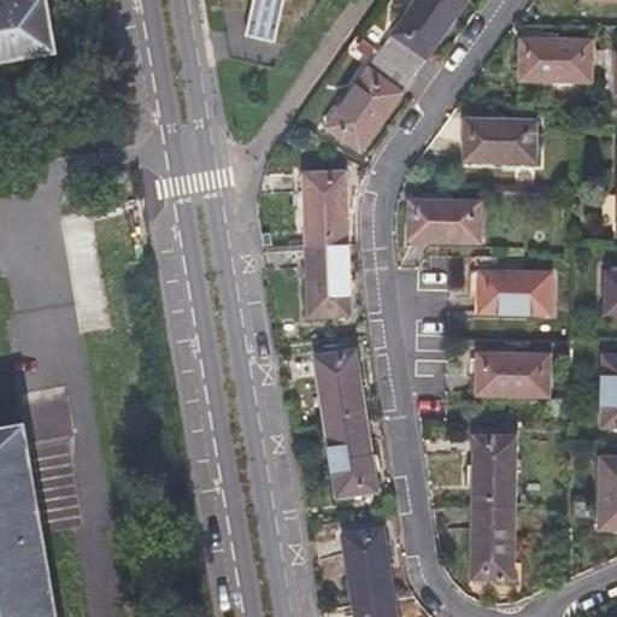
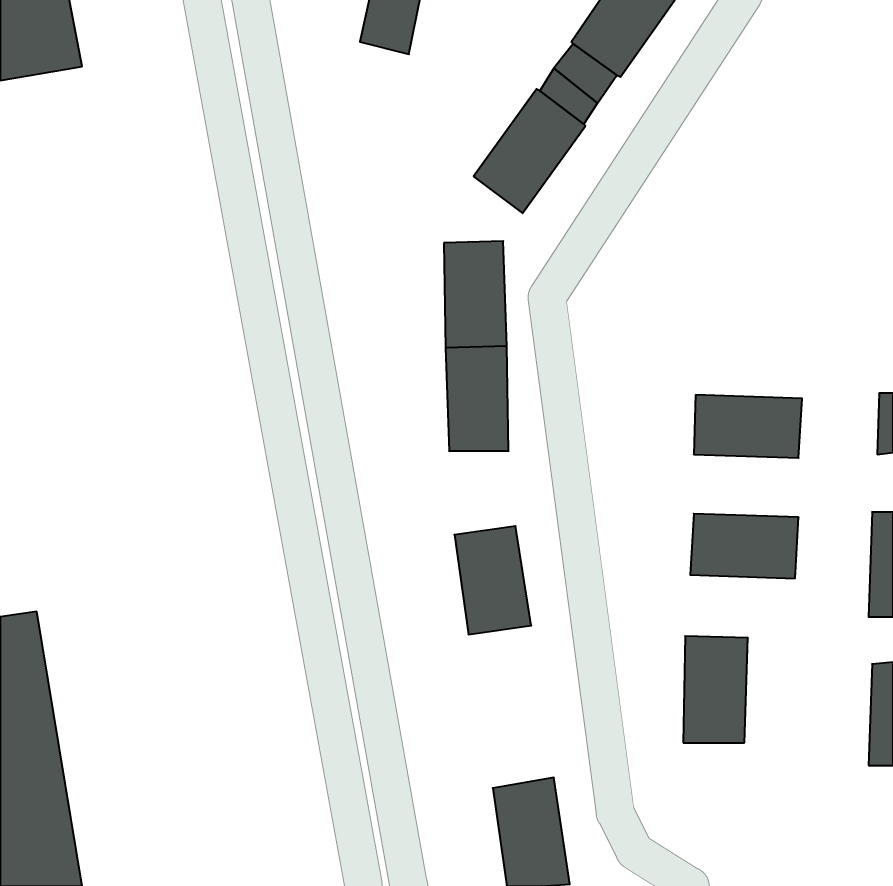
building: [519,35,592,80] -> none
building: [468,116,541,161] -> none
building: [410,201,481,245] -> none
building: [323,431,377,510] -> none
building: [469,512,513,584] -> none

